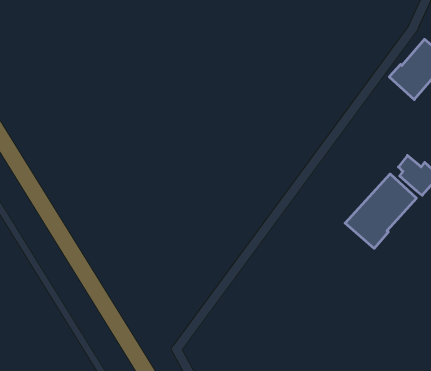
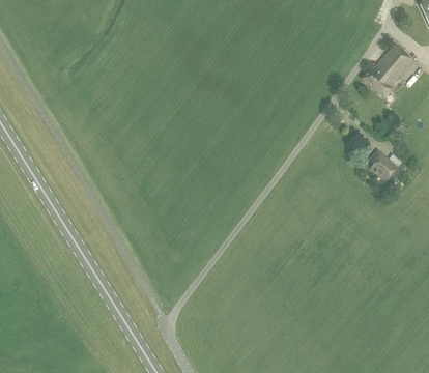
building: [345,174,416,248] -> none

